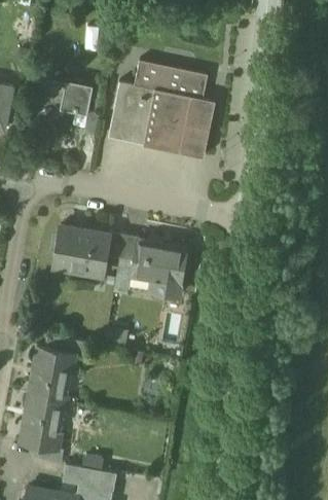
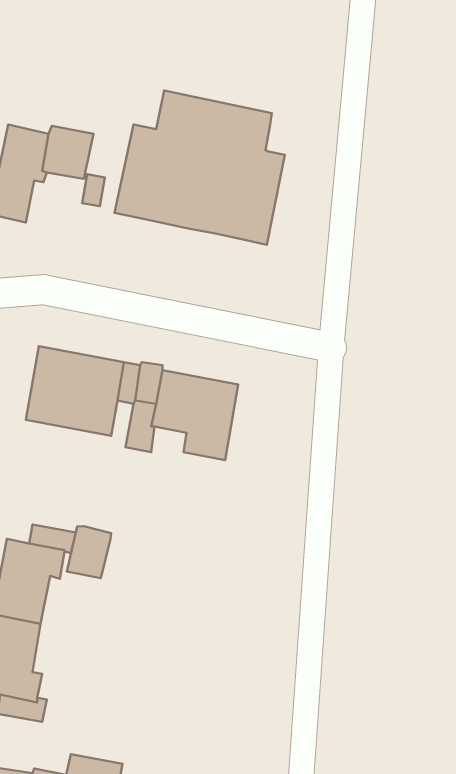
building: none -> [67,526,111,578]
building: [63,464,115,490] -> none

